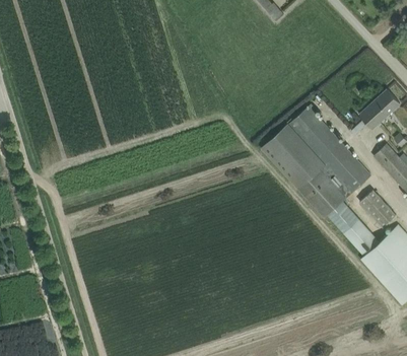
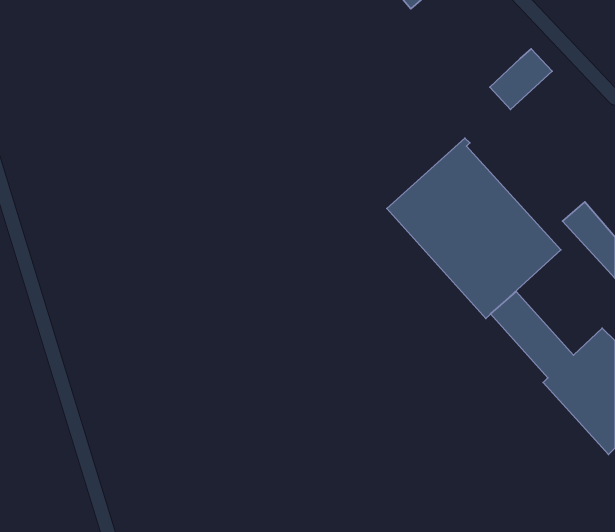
building: [360,89,400,128] -> [490,49,552,110]
building: [359,190,396,227] -> none

